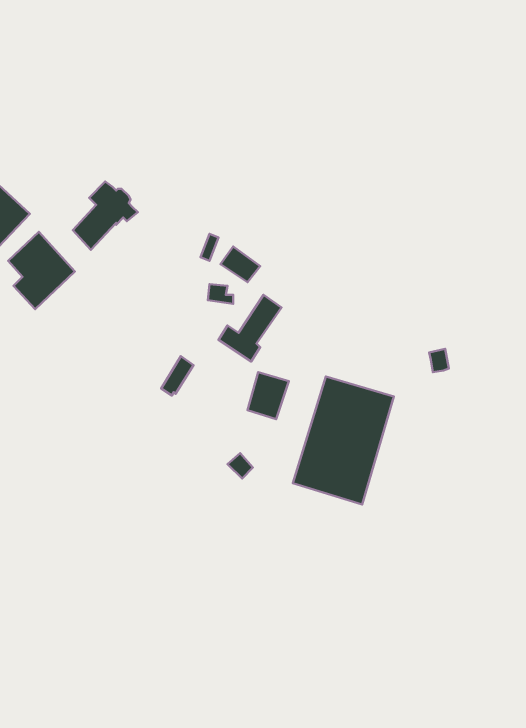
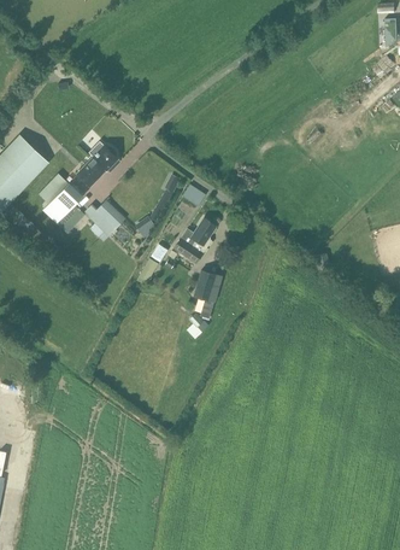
building: none -> [86,199,127,234]
building: [293,377,394,505] -> none

